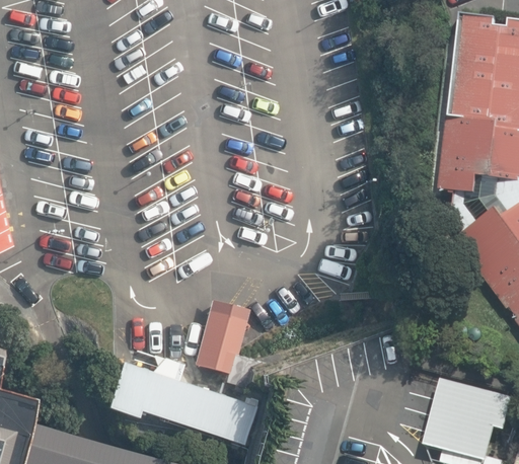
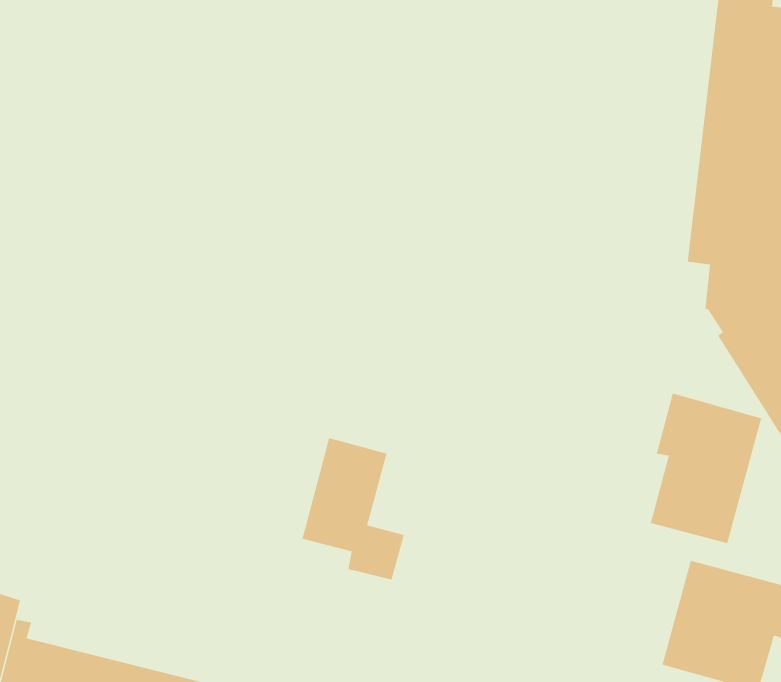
building: none -> [650,393,762,544]
building: [106,356,255,444] -> none

